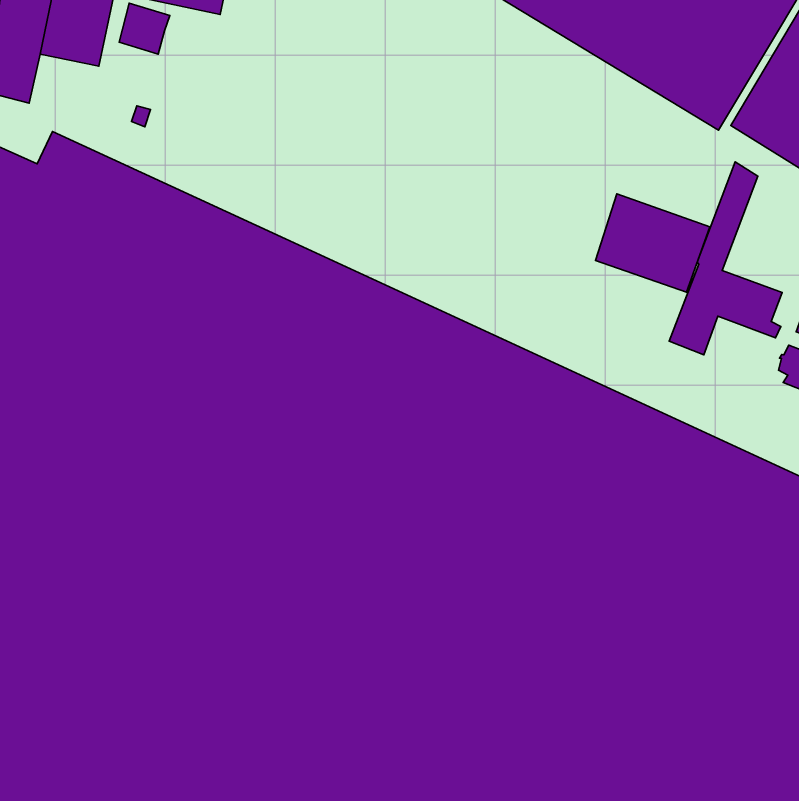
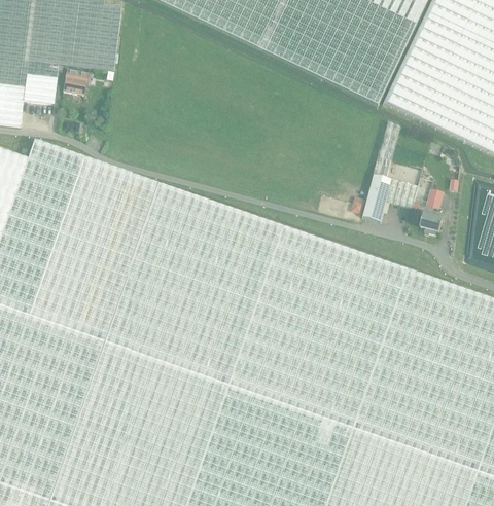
building: [596,194,710,292] -> none

